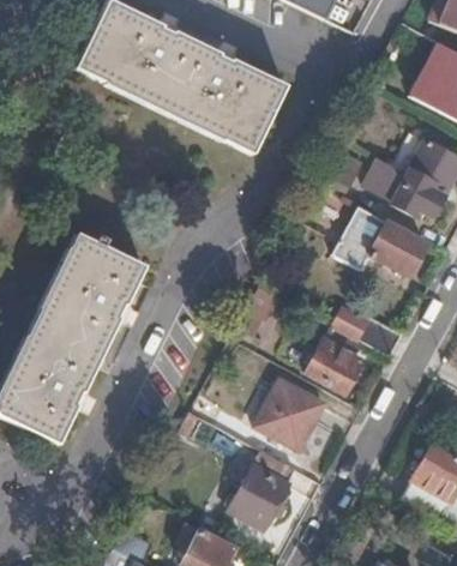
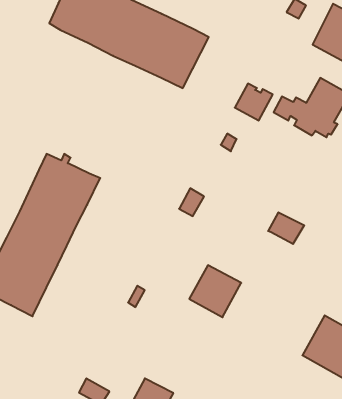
building: [336,203,428,269] -> none
building: [307,324,363,391] -> none
building: [233,465,289,526] -> none

